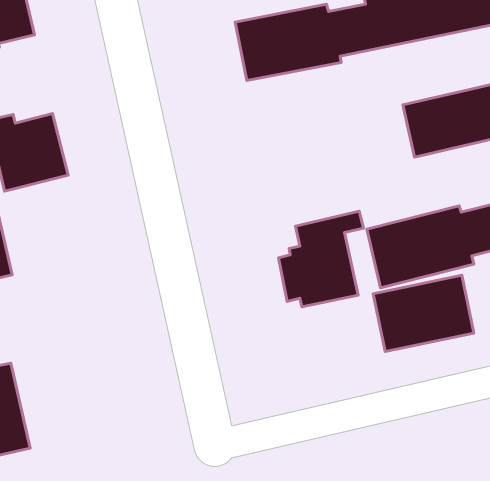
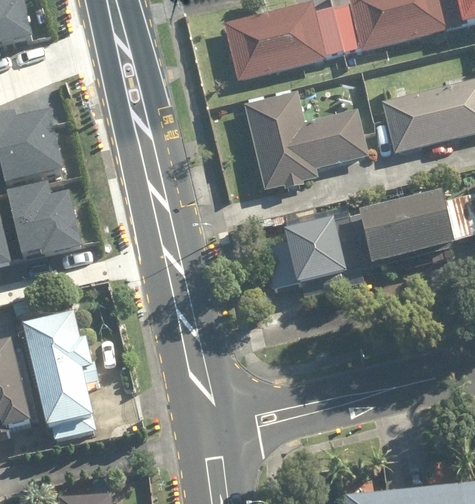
building: none -> [242,92,368,191]
building: none -> [8,178,87,252]
building: [373,275,474,352] -> none
building: none -> [18,319,104,430]

